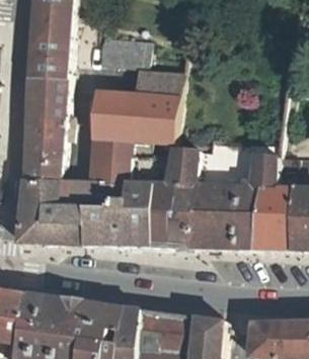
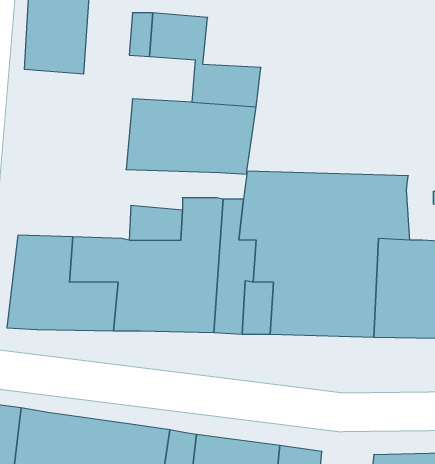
building: [23,76,66,184] -> none
building: [91,141,154,167] -> none

